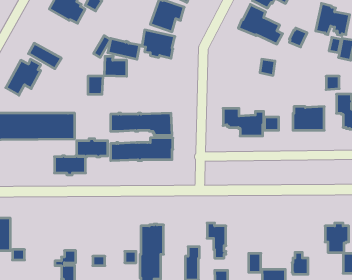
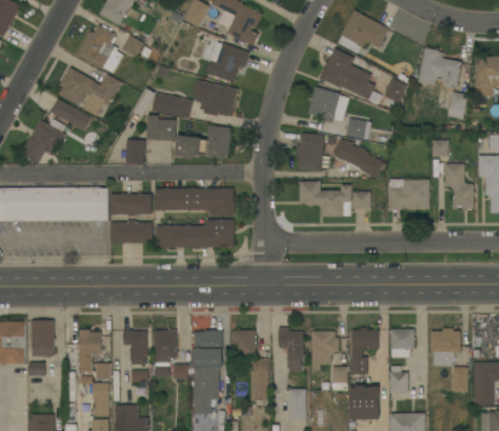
building: none -> [58,68,122,116]
building: none -> [308,87,349,123]
building: none -> [176,125,231,160]
building: none -> [296,133,325,172]
building: none -> [332,138,384,178]
building: [54,156,86,175] -> [111,192,151,217]
building: none -> [31,321,56,356]
building: none -> [351,328,379,373]
building: none -> [79,329,102,370]
building: none -> [124,329,148,364]
building: none -> [390,329,414,357]
building: none -> [154,331,178,378]
building: none -> [233,331,257,369]
building: none -> [311,331,339,370]

